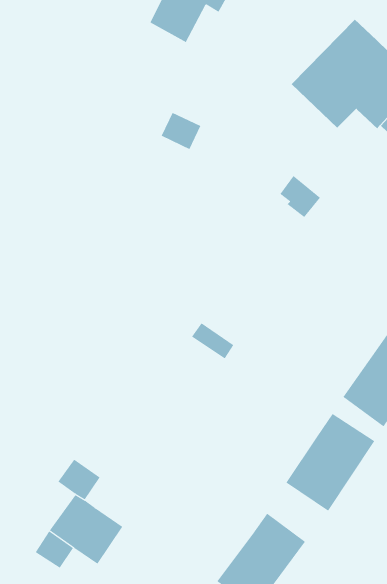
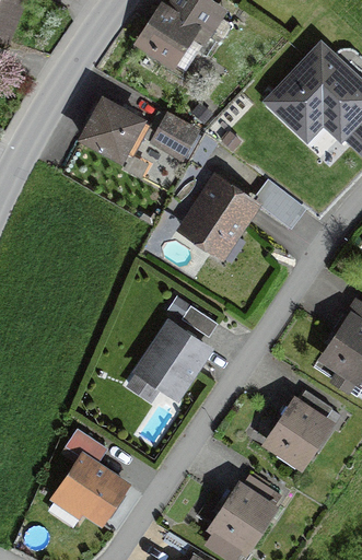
building: none -> [85,102,143,159]
building: none -> [184,179,260,259]
building: none -> [132,327,209,412]

